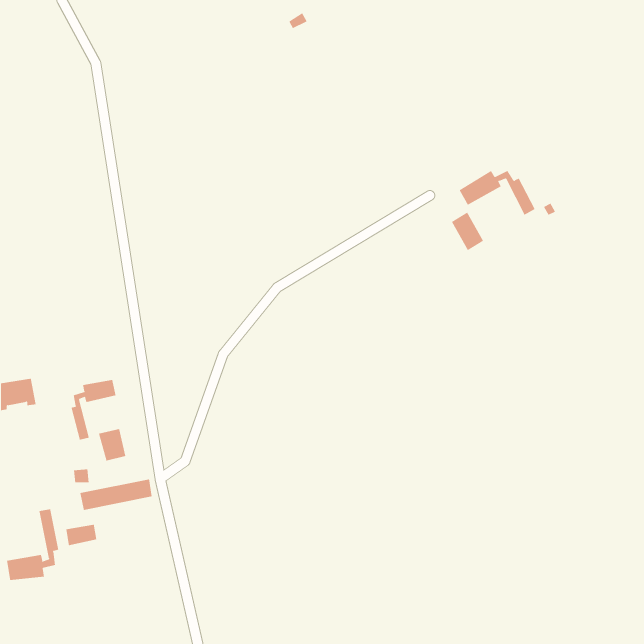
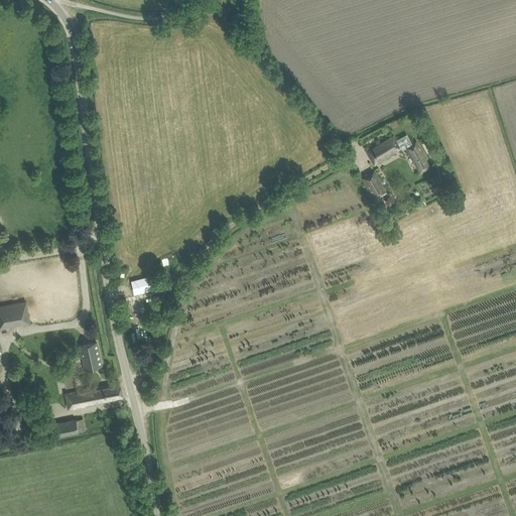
building: [71,379,116,440] -> none
building: [7,509,59,581] -> none

